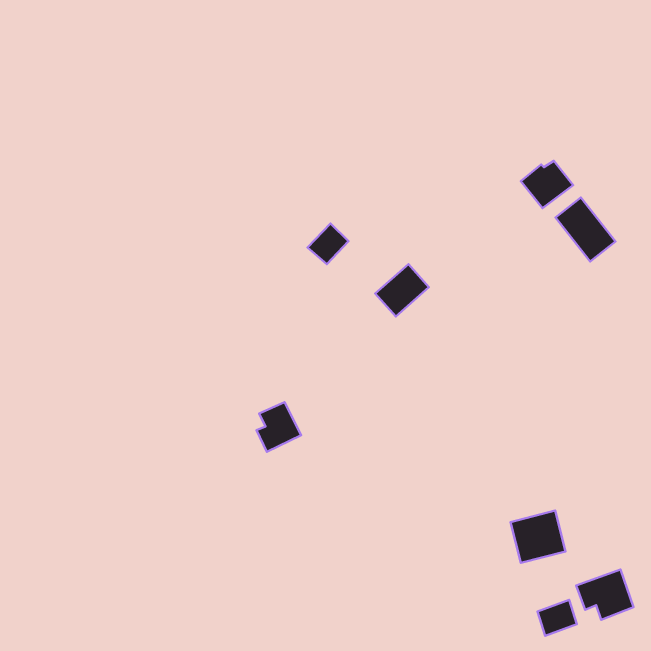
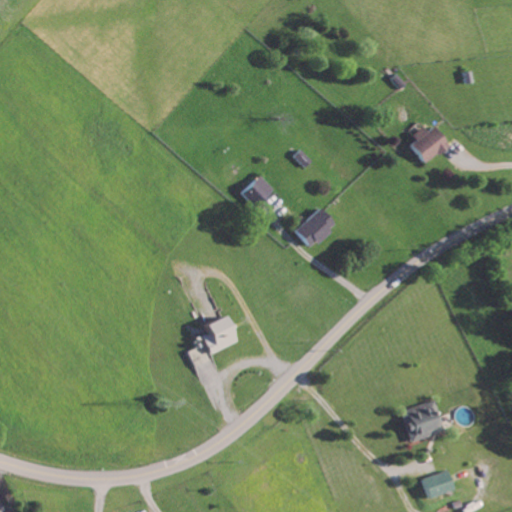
building: [555,197,616,262] -> none
building: [576,570,633,620] -> none

